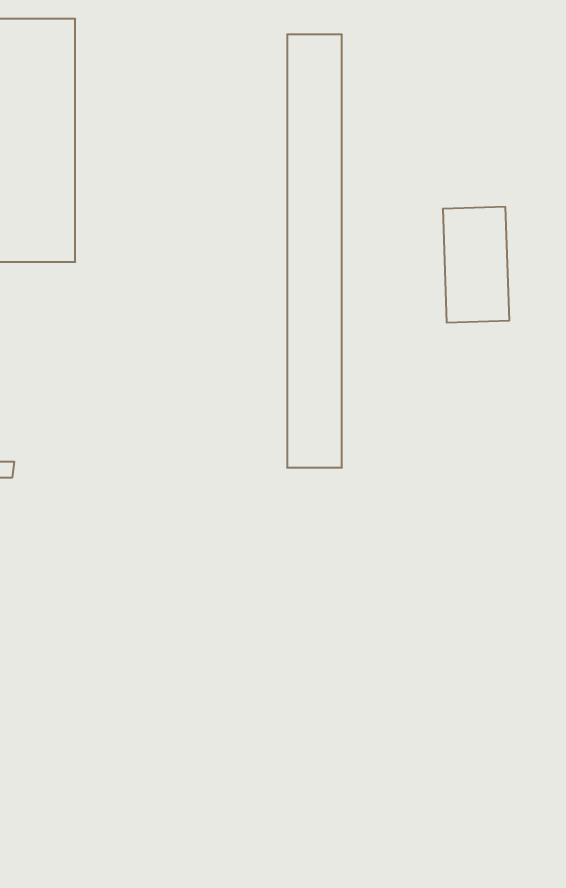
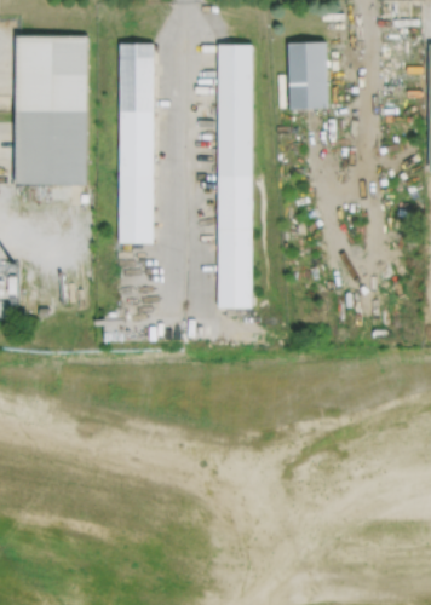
building: none -> [119,42,155,246]
building: [443,207,509,323] -> [288,41,329,113]

